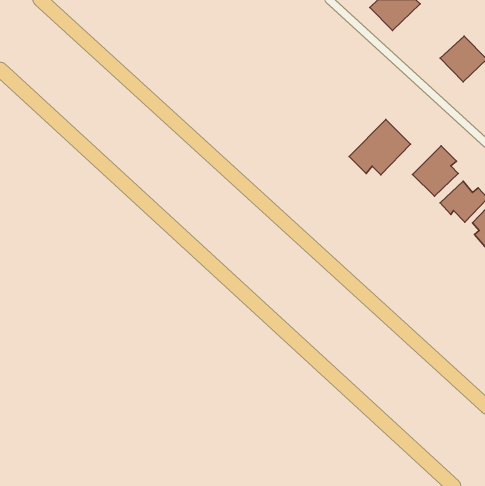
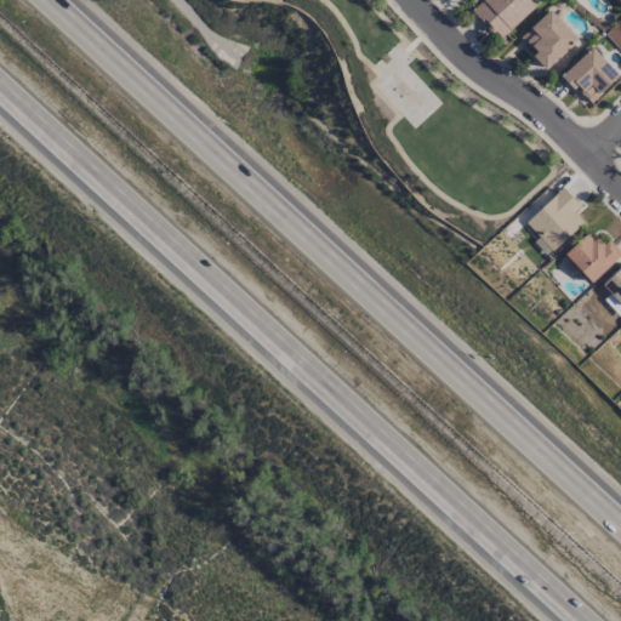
building: none -> [523,8,580,69]
building: [349,120,410,175] -> none

